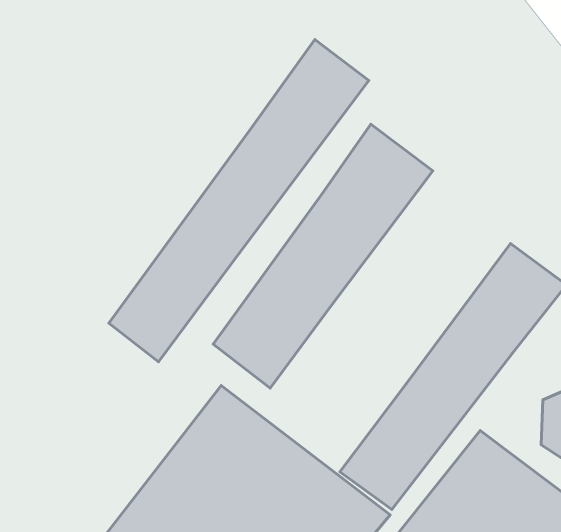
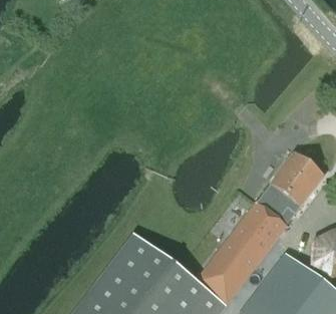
building: [109,40,369,362] -> none
building: [213,124,433,388] -> none

